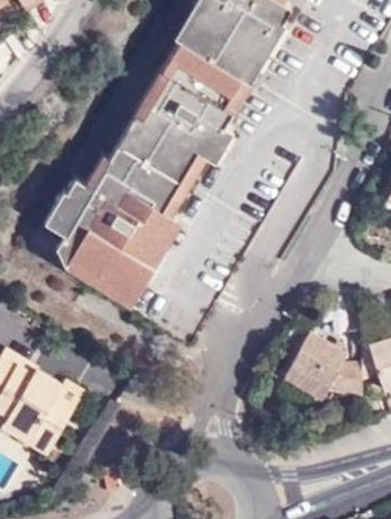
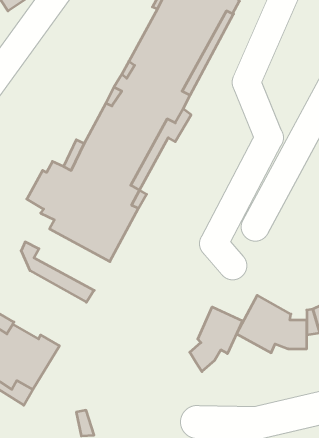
building: [61,240,143,308] -> [21,242,94,302]
building: none -> [190,307,243,372]

